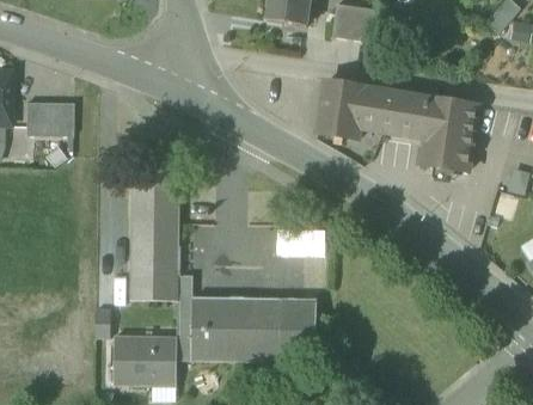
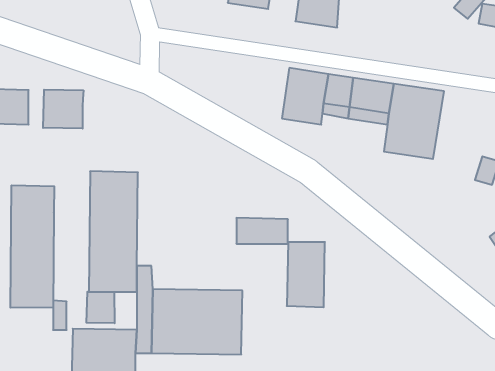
building: none -> [43,90,83,129]
building: none -> [10,185,54,308]
building: [280,297,317,361] -> [287,242,325,307]
building: none -> [86,292,115,323]

